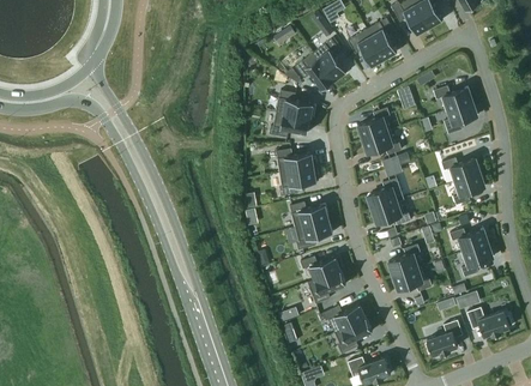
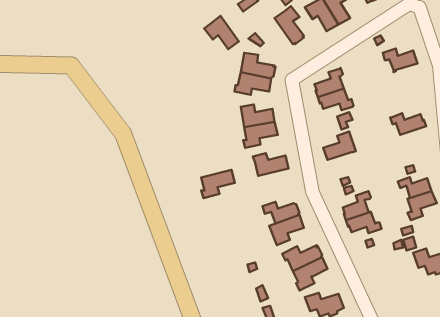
building: [295,52,333,89] -> [204,16,239,49]
building: [443,102,476,133] -> none
building: [452,171,484,204] -> none
building: [372,200,410,224] -> none
building: [295,218,332,249] -> [201,170,235,198]
building: [424,319,461,355] -> none

